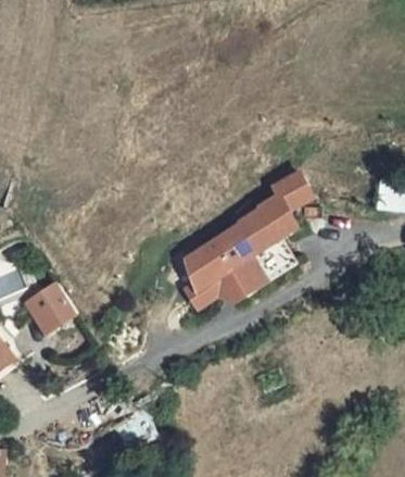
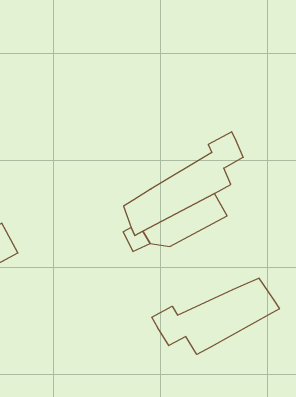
building: none -> [152,278,279,354]

